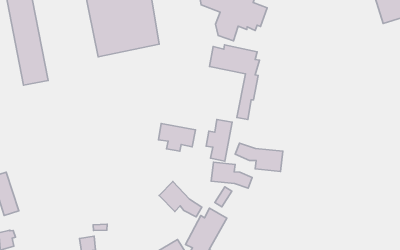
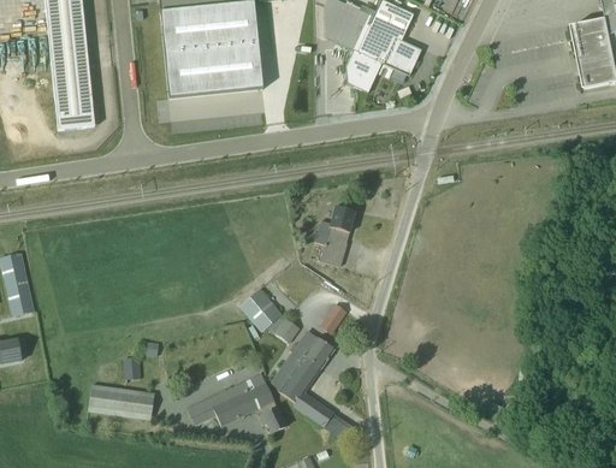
building: [209,45,259,119] -> none
building: [158,124,195,151] -> none
building: [235,143,283,172] -> none
building: [211,162,252,188] -> none

